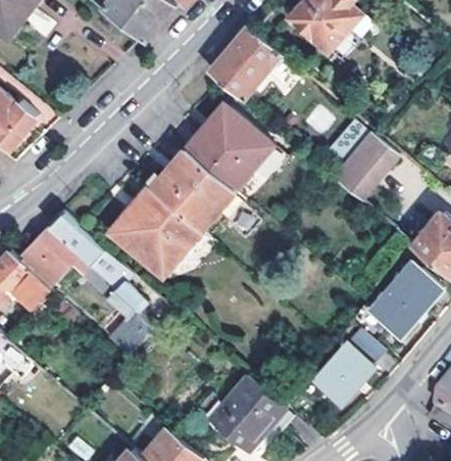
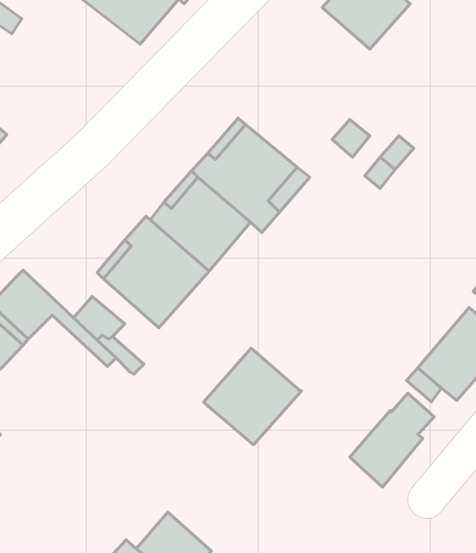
building: [208,26,282,101] -> none
building: [332,130,400,201] -> none
building: [49,214,105,268] -> none
building: [112,312,153,355] -> none
building: [207,373,287,452] -> [203,348,301,445]

